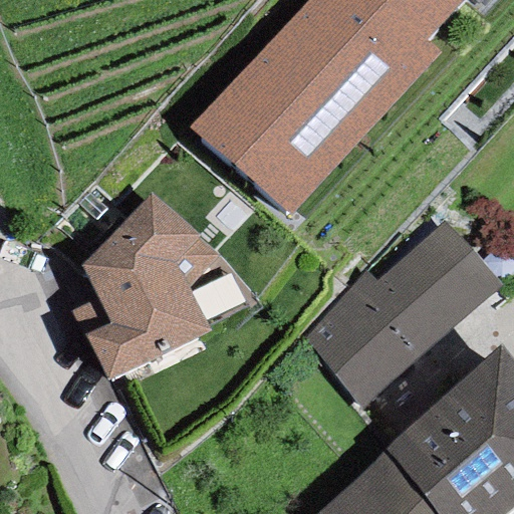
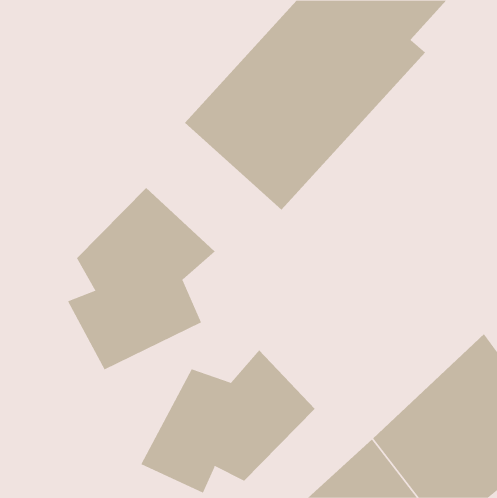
building: [303,221,501,410] -> none
building: none -> [140,349,316,493]

